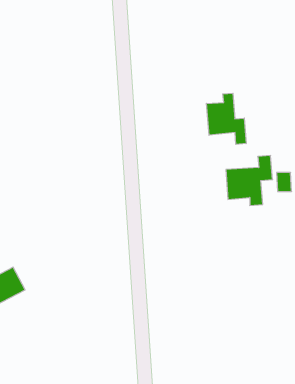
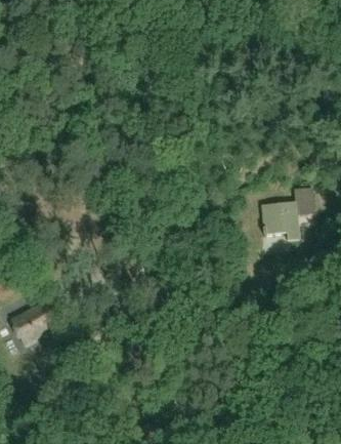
building: [206,93,246,144] -> none

